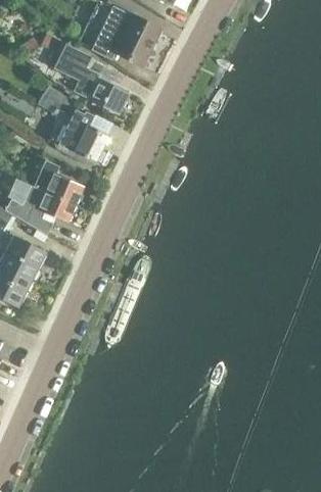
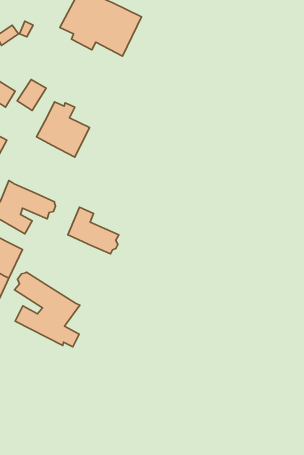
building: [49,42,127,115] -> none
building: [34,160,83,205] -> [68,207,119,254]
building: none -> [15,272,80,347]

